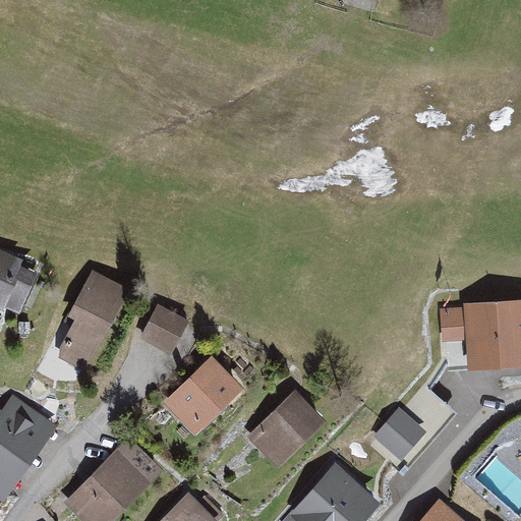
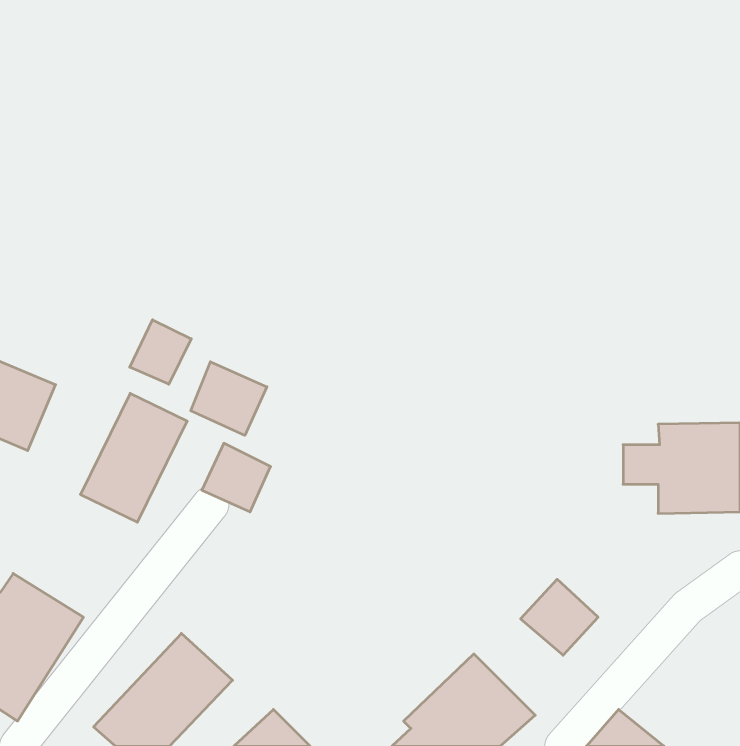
building: none -> [130,320,191,384]
building: none -> [191,362,267,435]
building: [165,359,244,439] -> none
building: [250,394,326,468] -> none

